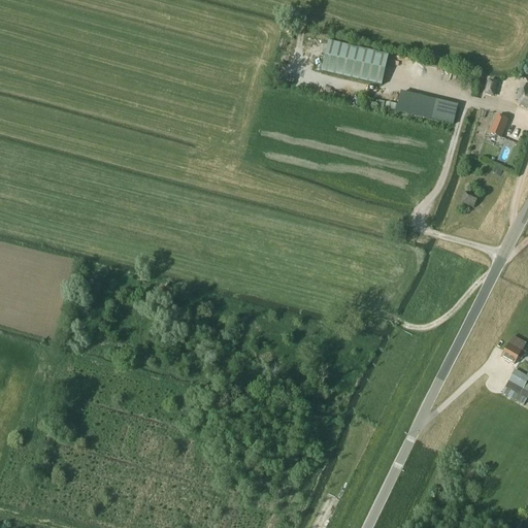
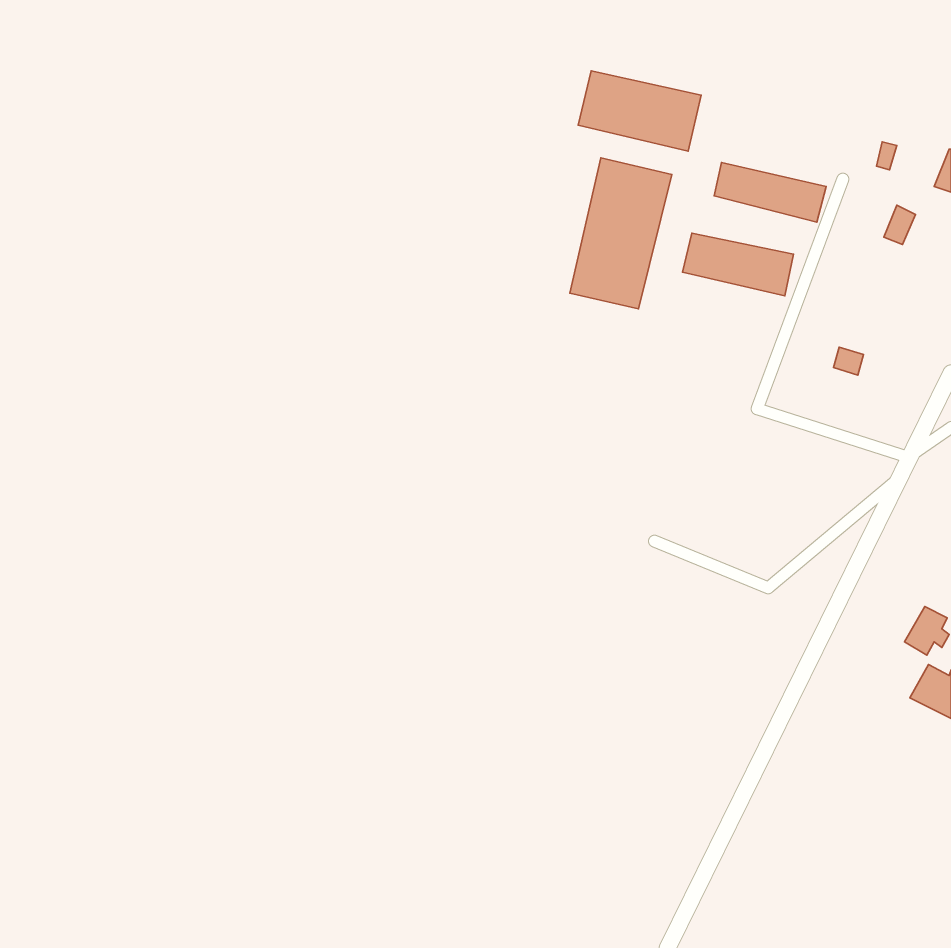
building: none -> [570,158,672,309]
building: none -> [683,233,793,296]

